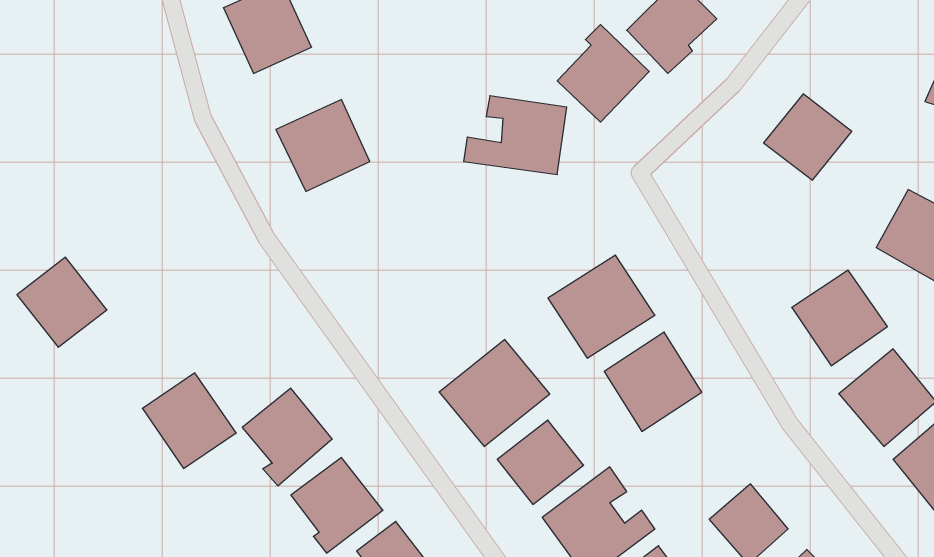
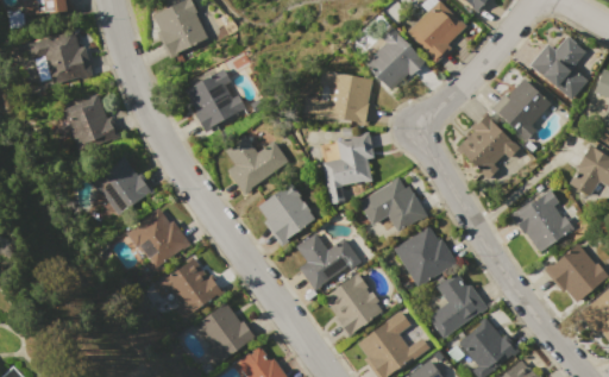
building: none -> [31,29,90,87]
building: none -> [529,29,590,90]
building: none -> [64,95,115,150]
building: none -> [457,112,519,174]
building: none -> [319,134,382,196]
building: none -> [225,140,290,201]
building: [17,257,107,347] -> [94,156,151,213]
building: none -> [259,193,318,253]
building: [142,373,236,469] -> [131,205,190,265]
building: none -> [423,276,488,338]

